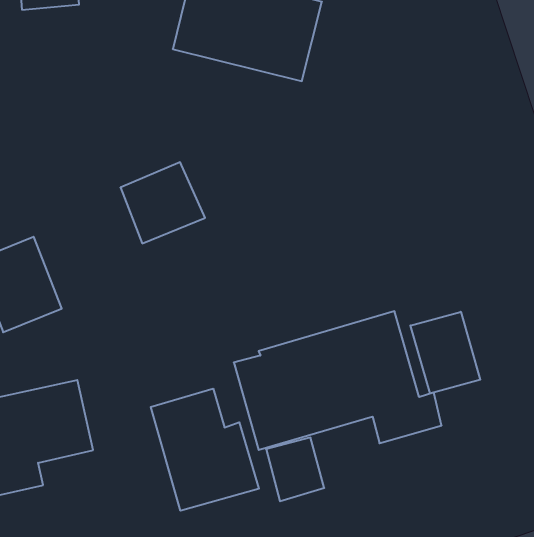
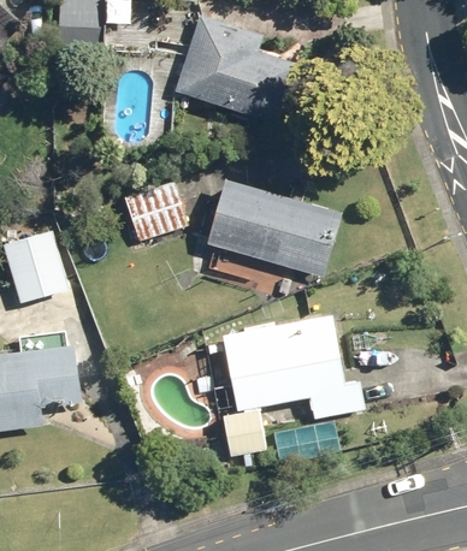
building: none -> [208,177,342,276]
building: [410,312,480,393] -> none
building: [151,389,259,511] -> none

